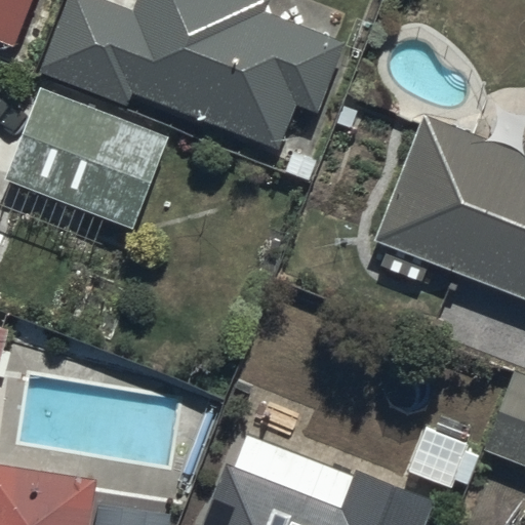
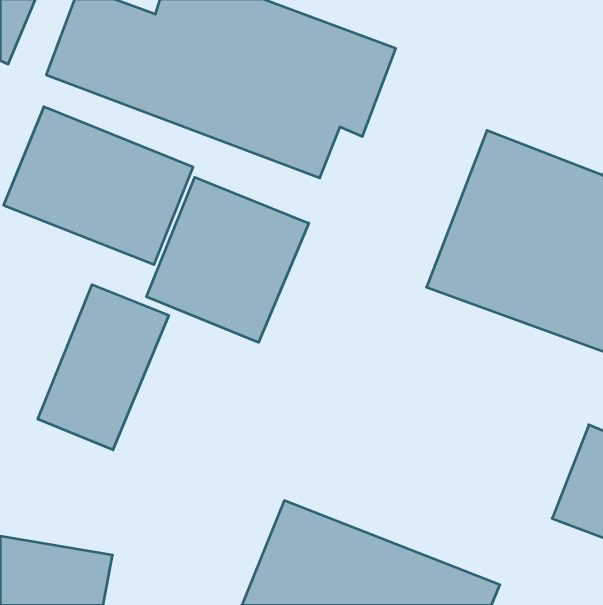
building: none -> [146,177,309,342]
building: none -> [38,285,169,450]

